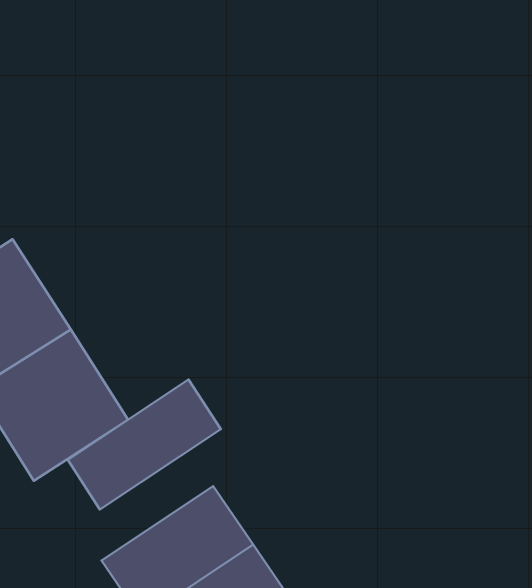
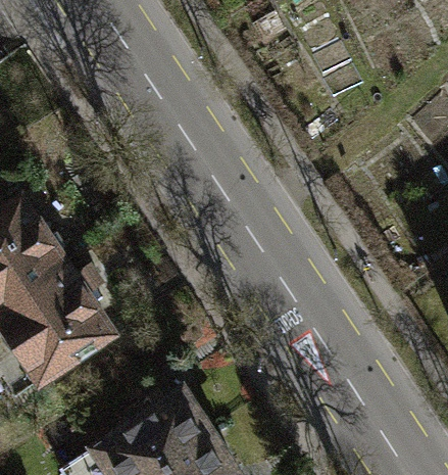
building: [68,379,221,509] -> none

